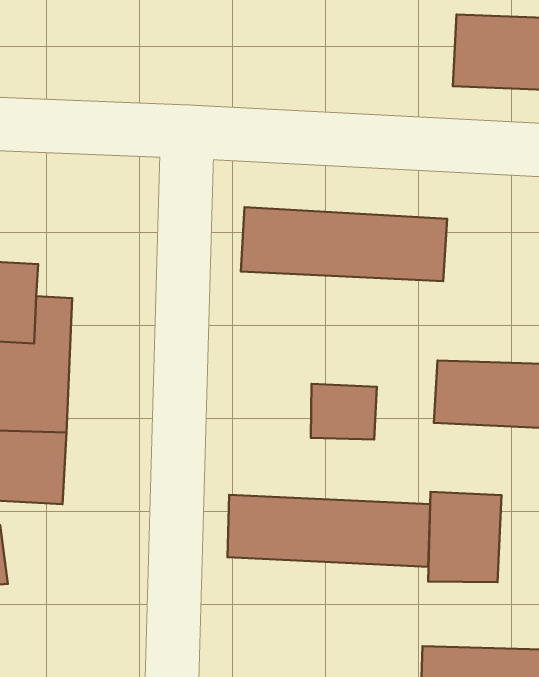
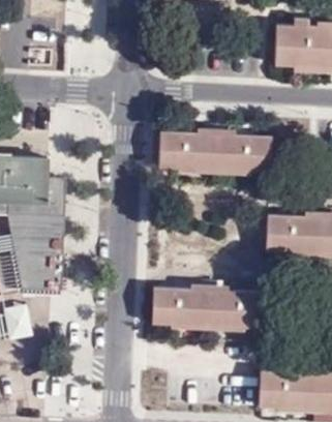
building: [311,384,377,440] -> none
building: [428,492,502,582] -> none

